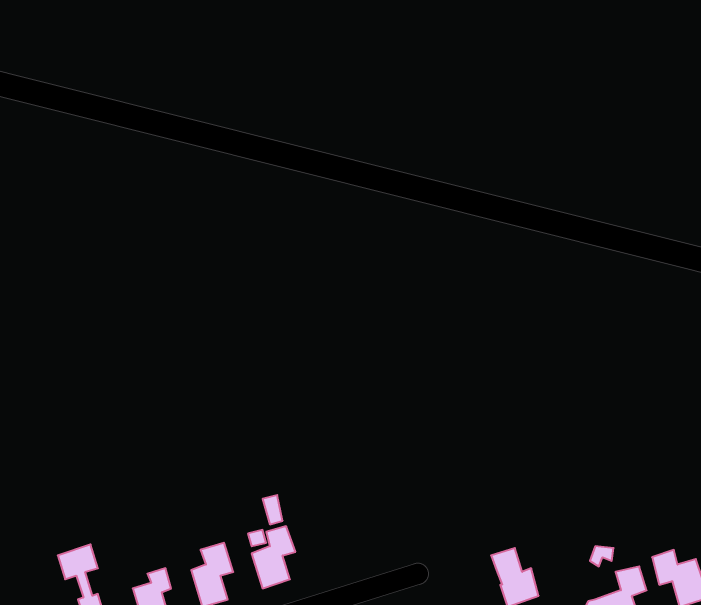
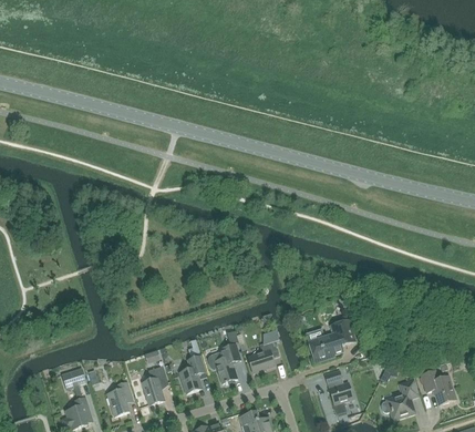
building: none -> [309,319,355,361]
building: none -> [248,339,279,372]
building: none -> [209,343,241,383]

